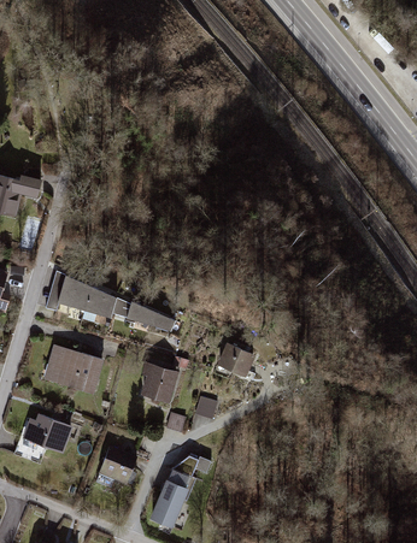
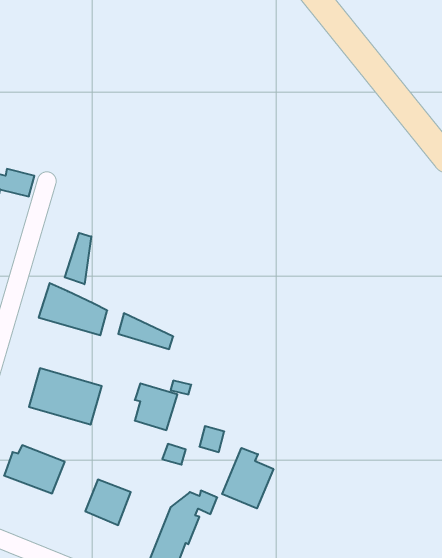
building: none -> [65,233,91,284]
building: [213,341,257,378] -> none
building: none -> [222,448,273,508]

